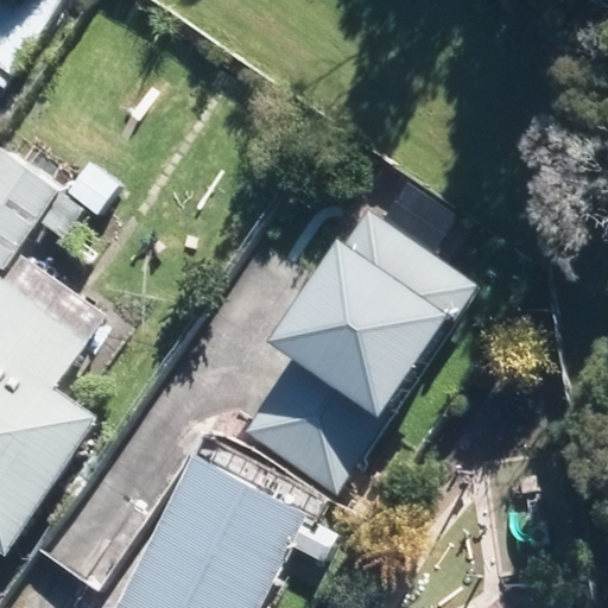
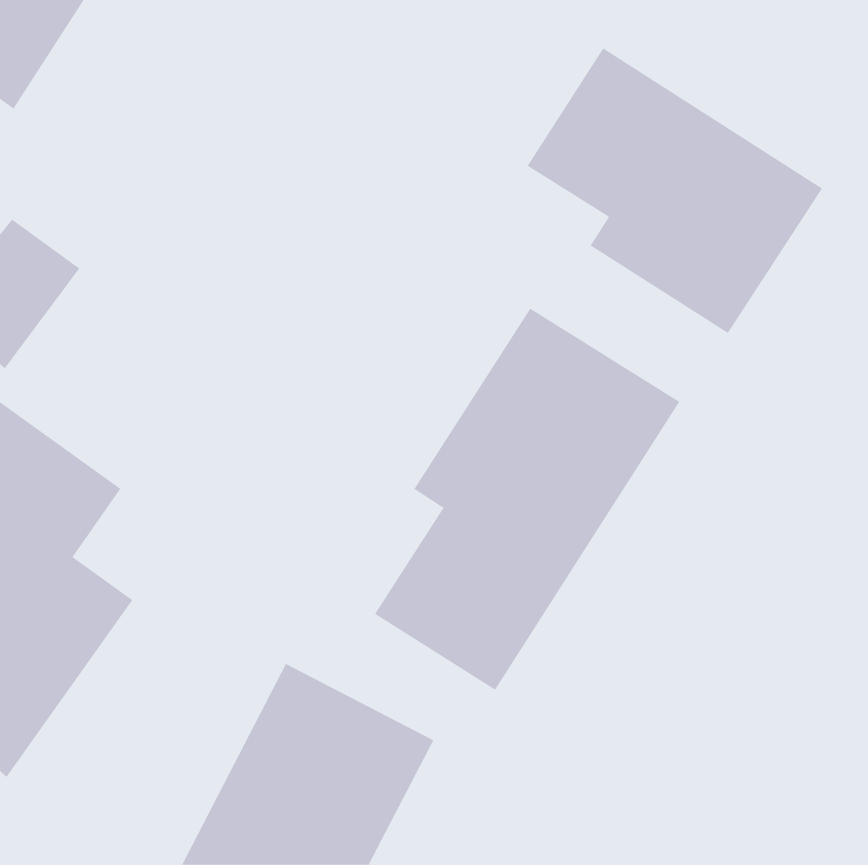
building: none -> [527,48,823,334]

